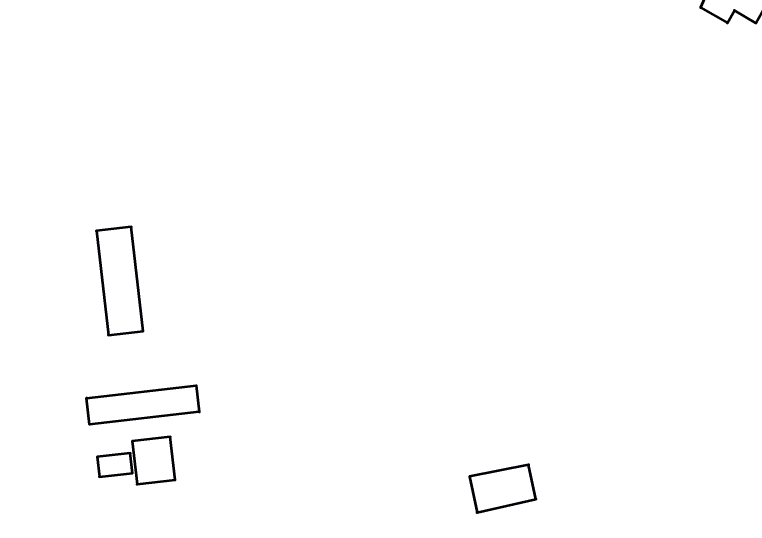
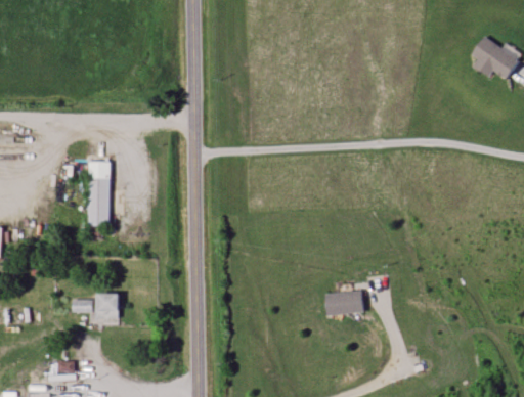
building: [87,386,199,424] -> none
building: [470,465,536,513] -> [325,291,364,316]

